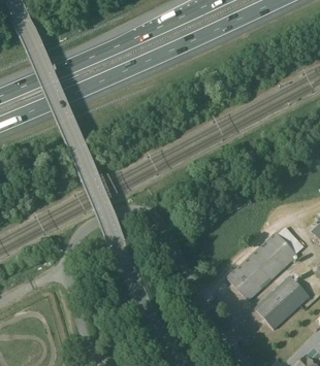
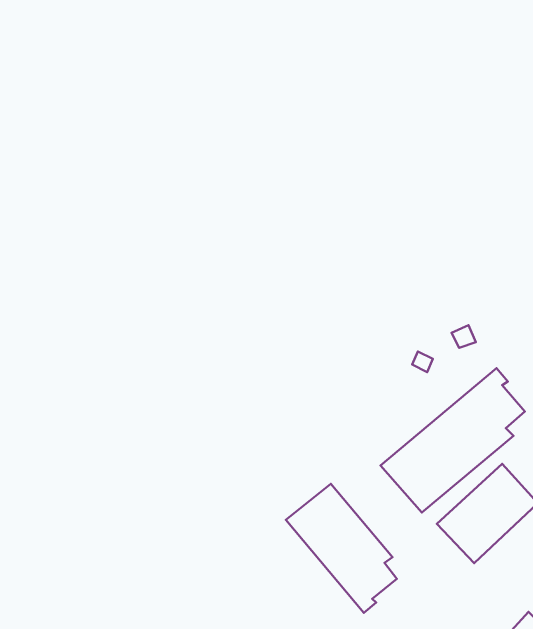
building: none -> [286,484,397,613]

